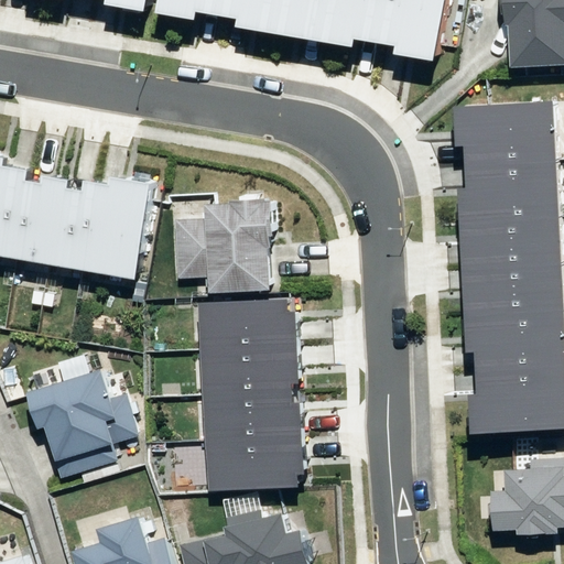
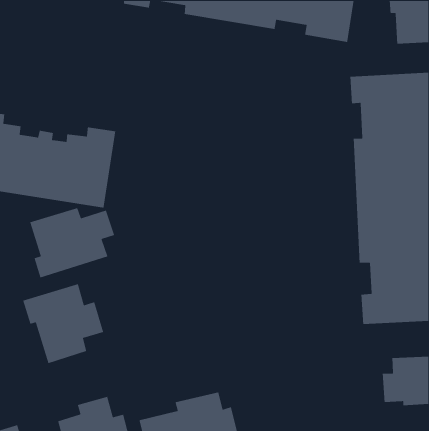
building: [175,202,271,293] -> none
building: none -> [29,207,115,279]
building: [203,297,306,489] -> none

